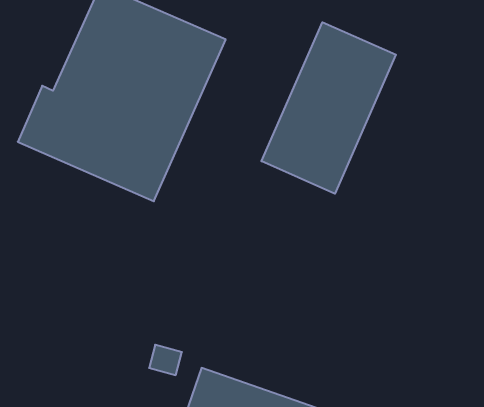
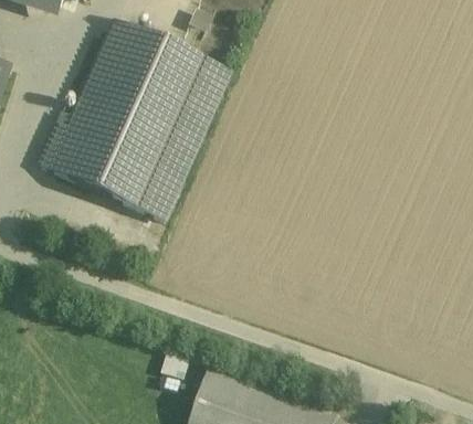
building: [261,22,396,194] -> none

